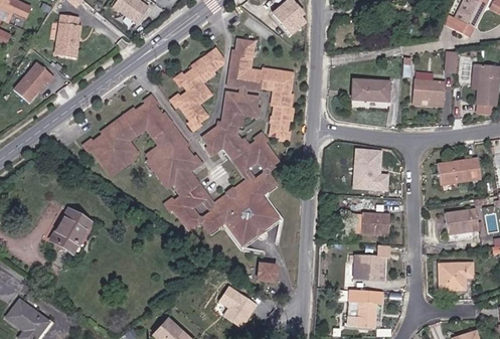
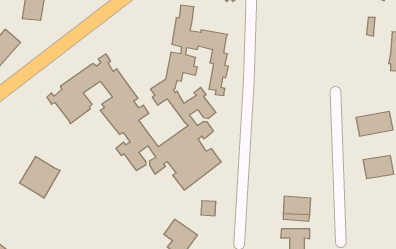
building: [170,48,225,124] -> none
building: [352,81,389,103] -> none
building: [413,81,445,102] -> none
building: [354,148,390,191] -> none
building: [350,213,390,236] -> none
building: [441,265,471,289] -> none

